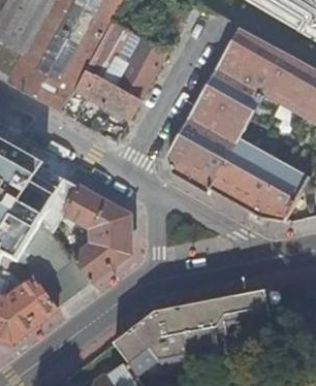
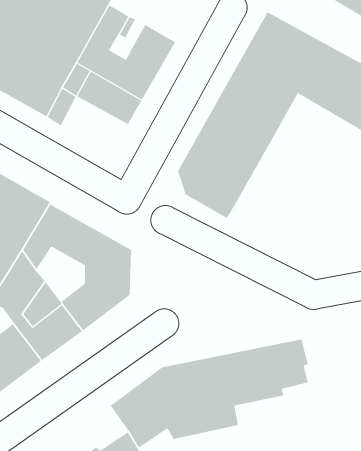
building: [210,134,309,219] -> none

